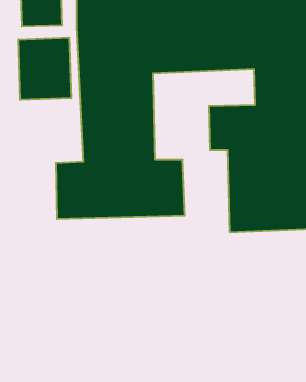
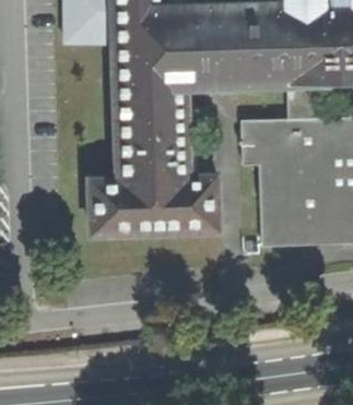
building: [18,38,71,100] -> none

